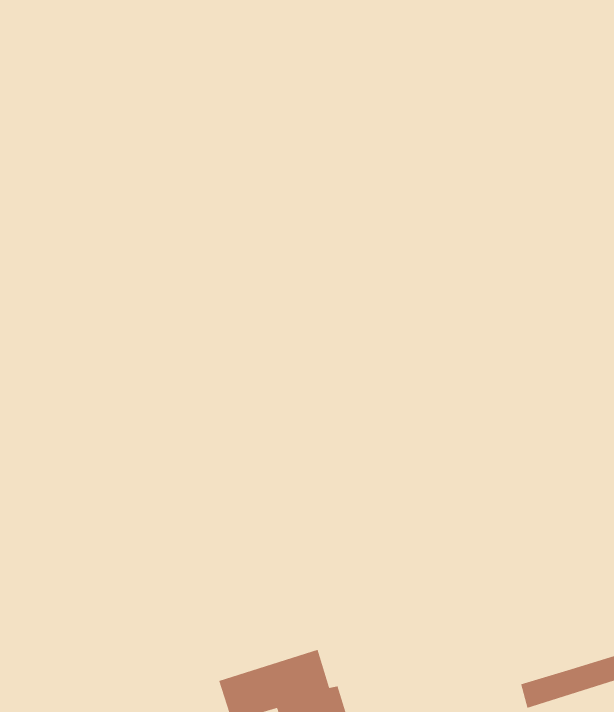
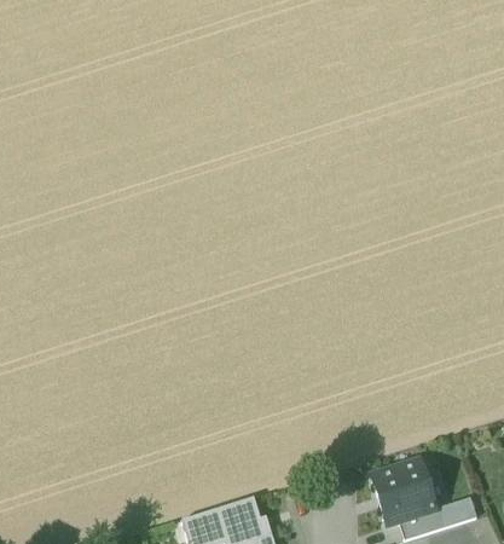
building: none -> [371,461,435,526]

